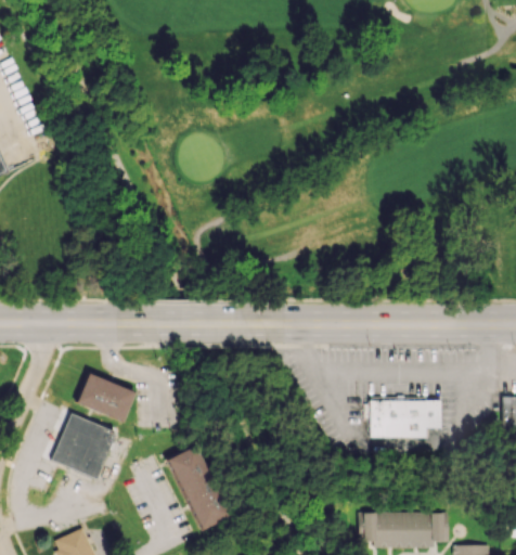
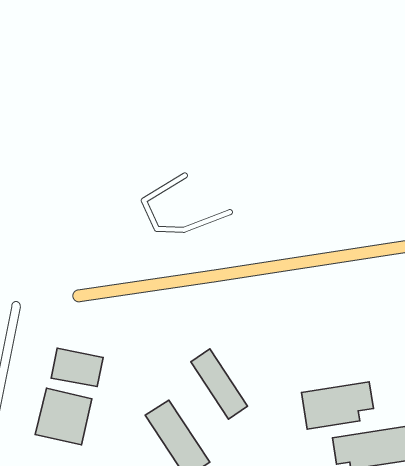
building: [369,399,441,438] -> [301,382,373,429]
building: none -> [191,349,248,419]

